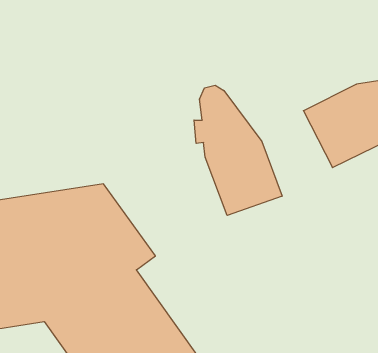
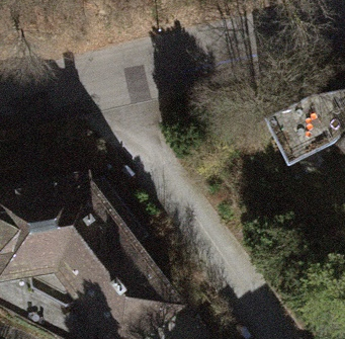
building: [194,85,282,215] -> none

